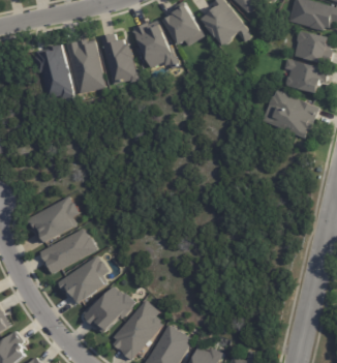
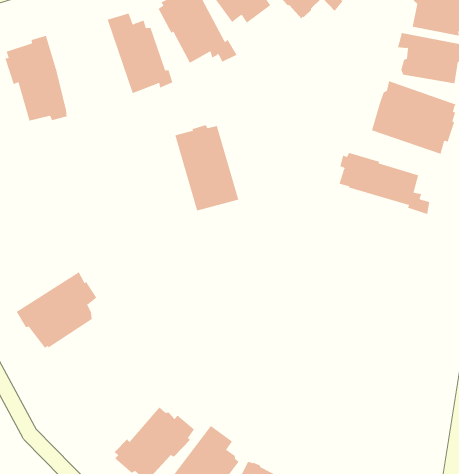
building: [65,38,103,93] -> [174,125,239,211]
building: none -> [339,152,430,215]
building: [39,228,97,273] -> none
building: [58,255,110,304] -> none

